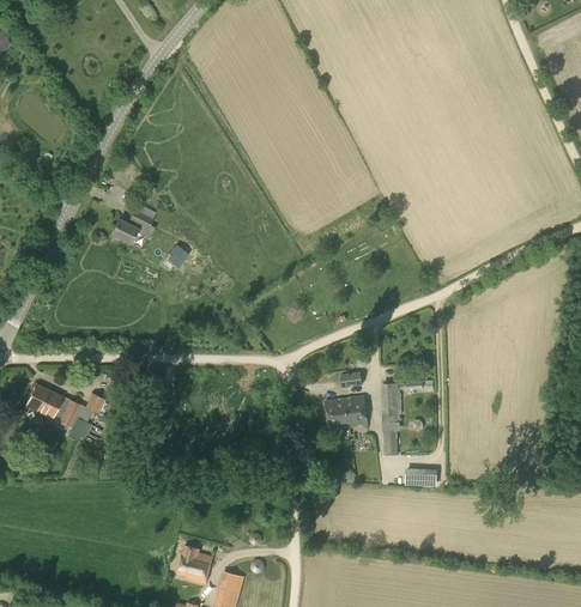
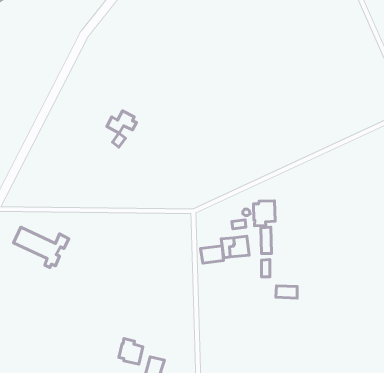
building: [111,211,155,243] -> [107,111,137,133]
building: none -> [253,201,275,226]
building: none -> [201,246,224,263]

